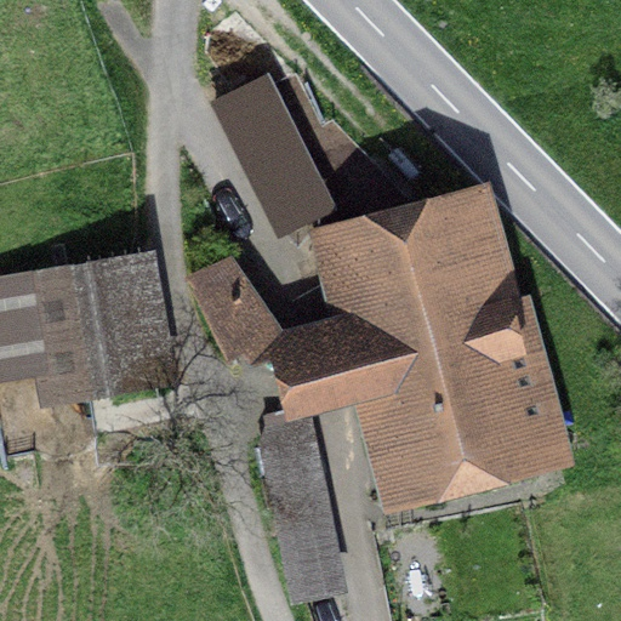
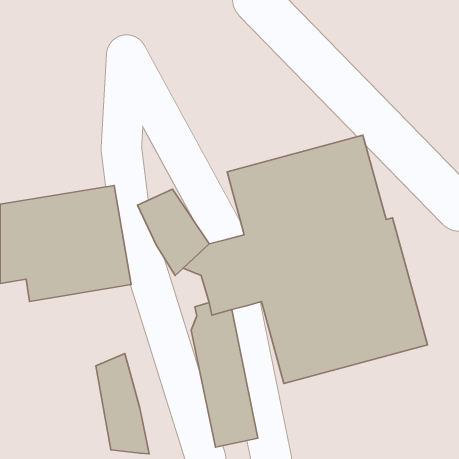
building: [209,73,337,238] -> none
building: none -> [96,354,149,454]

